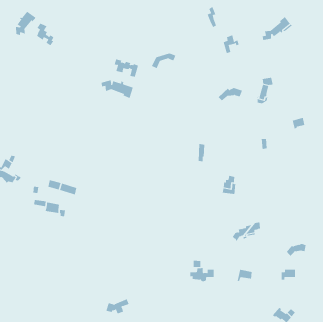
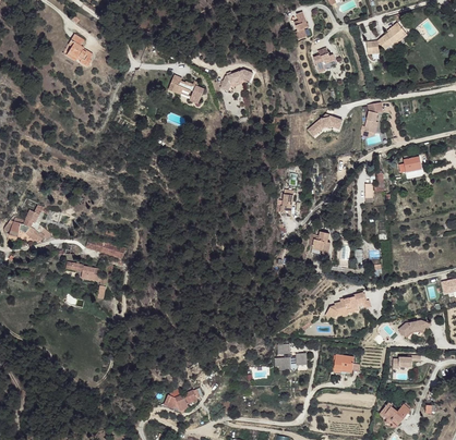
building: [15,11,37,36] -> none
building: [101,79,134,99] -> none

